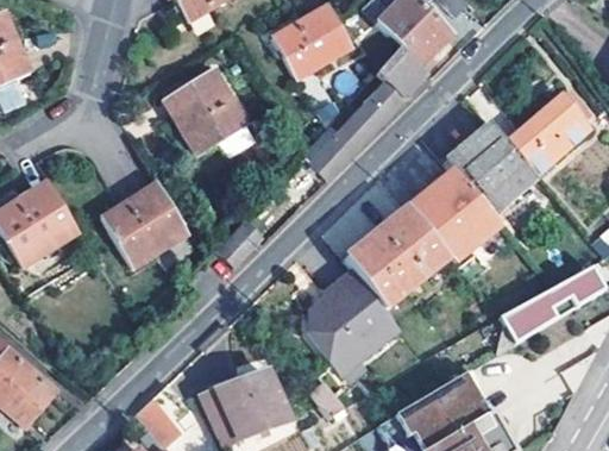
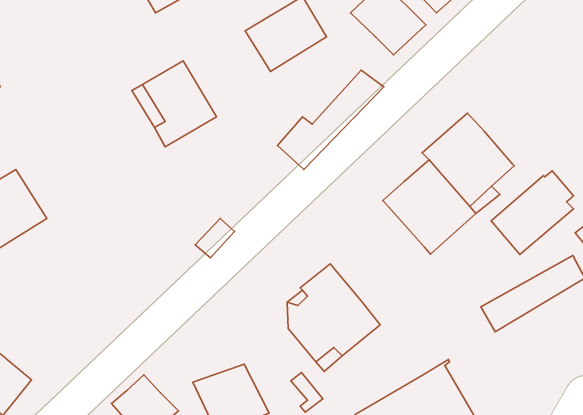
building: [375,45,427,95] -> none
building: [508,89,590,173] -> [491,171,574,254]
building: [99,178,183,263] -> none
building: [345,208,448,308] -> none

